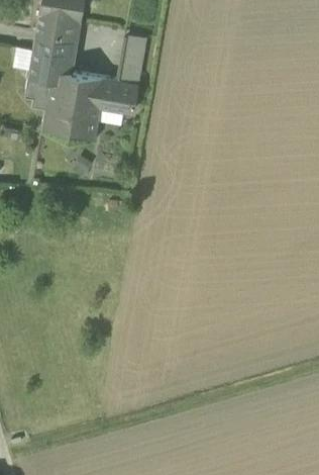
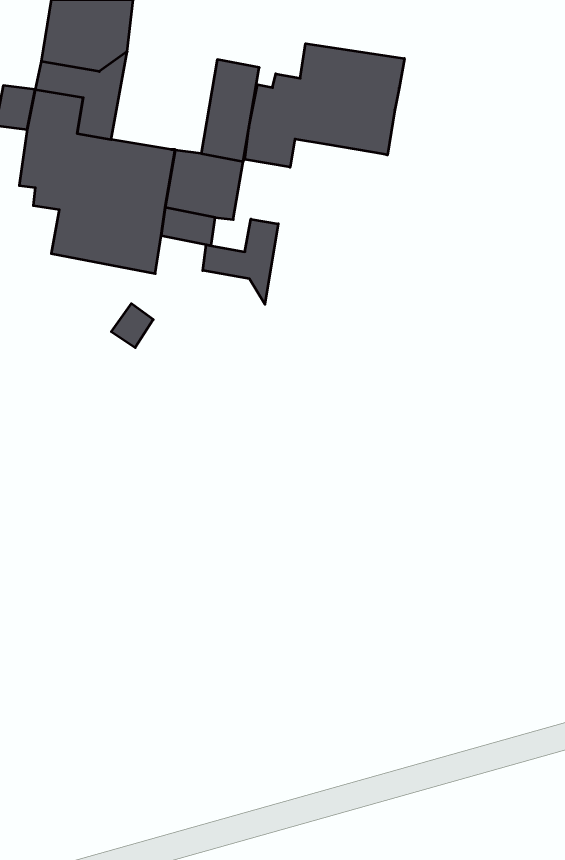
building: none -> [245,44,404,167]
building: none -> [203,219,278,304]

